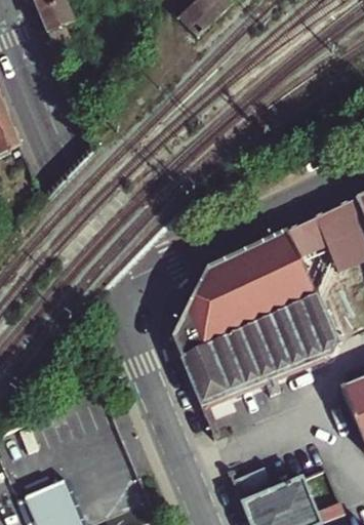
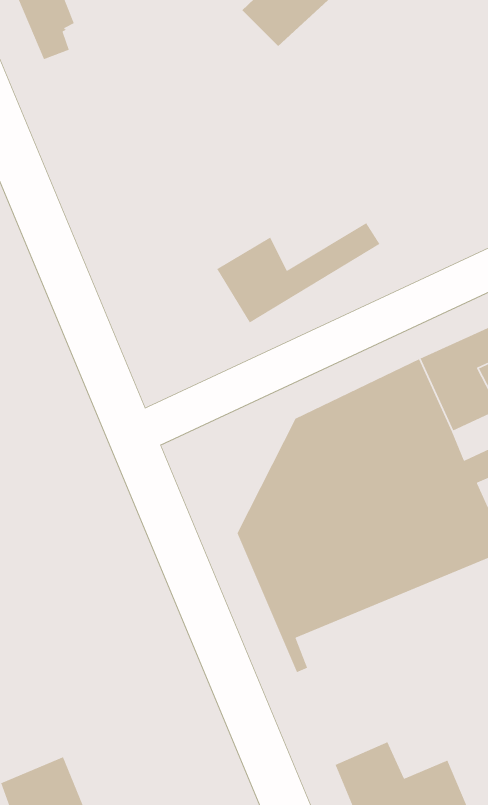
building: none -> [216,222,380,324]

